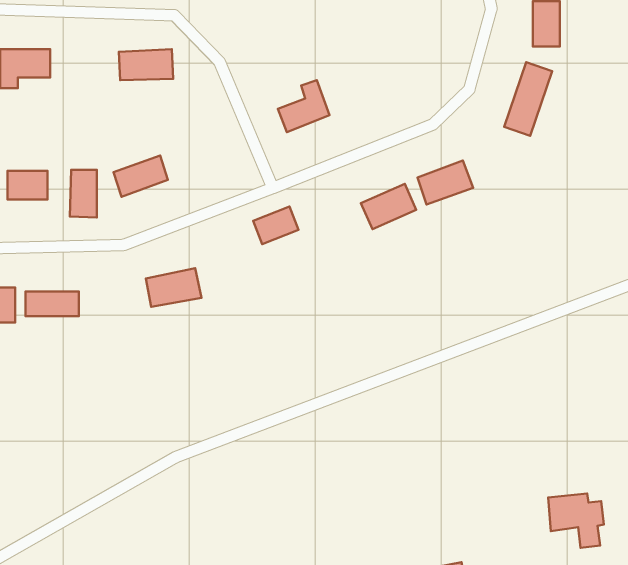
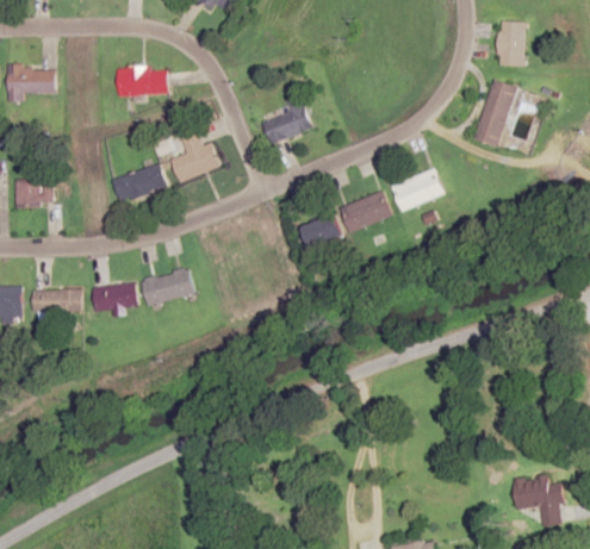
building: none -> [170,129,219,181]
building: [70,170,97,218] -> none
building: [253,207,298,244] -> [300,213,342,248]
building: none -> [92,281,138,316]

